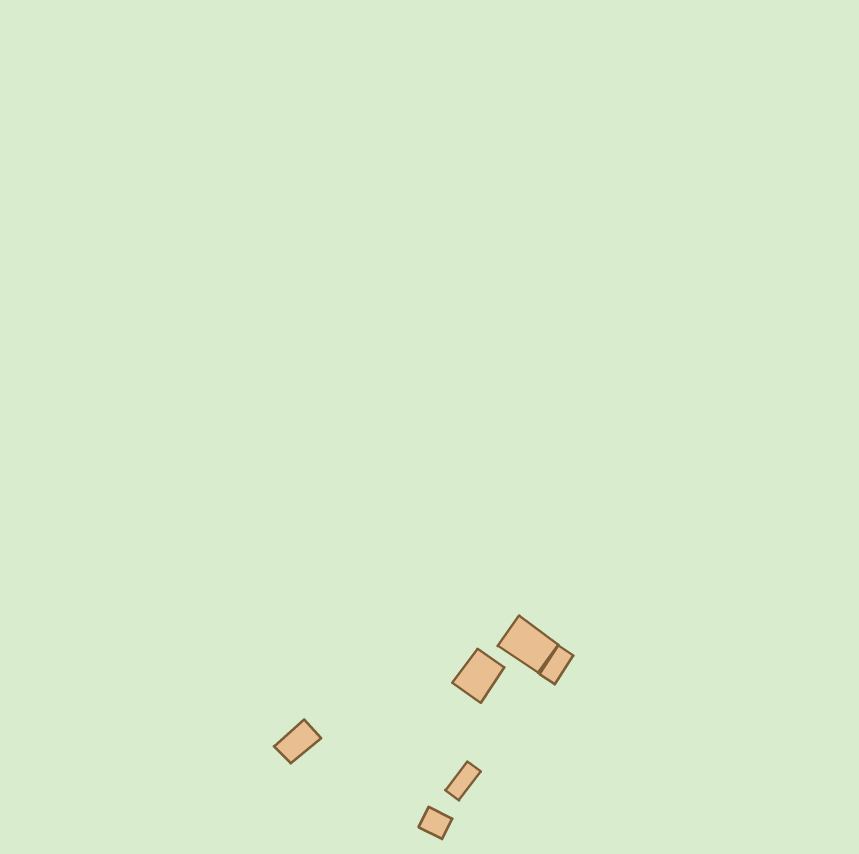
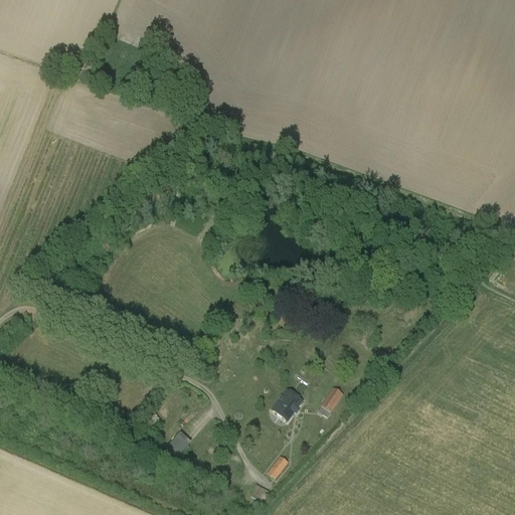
building: [498,616,558,673] -> none

